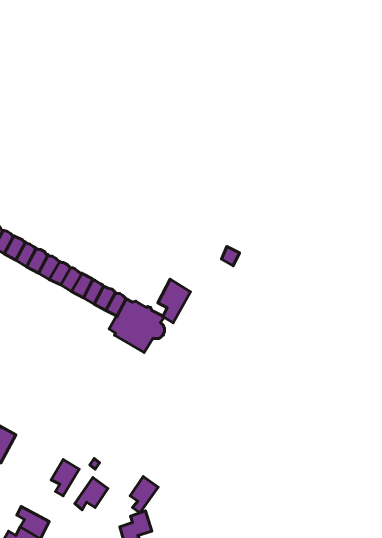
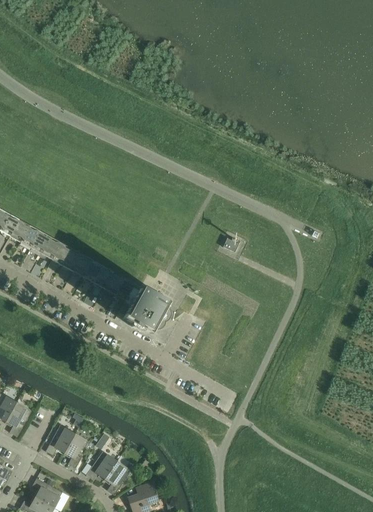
building: [158,279,191,323] -> none
building: none -> [44,426,74,456]
building: [130,476,158,513] -> [104,461,130,495]

